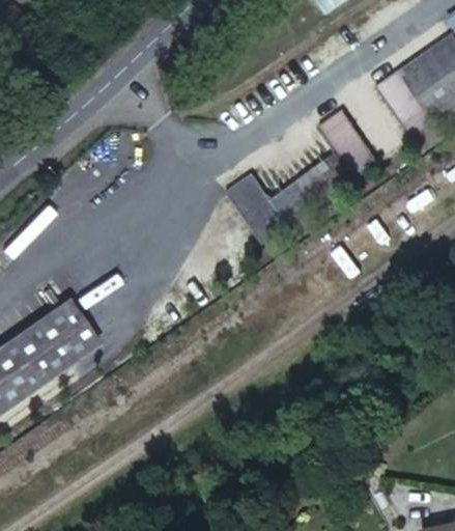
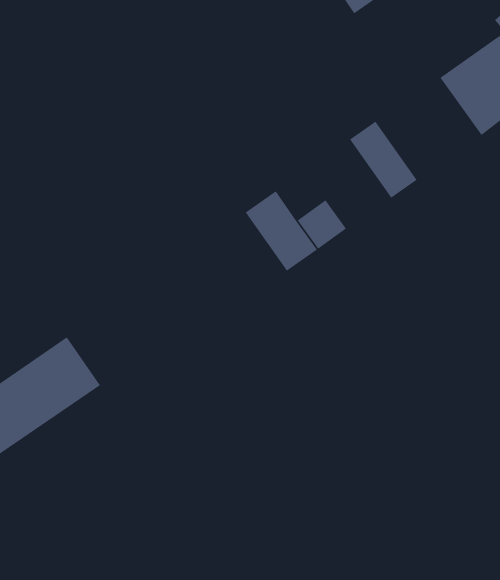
building: [375,69,436,138] -> none
building: [297,152,356,205] -> none

